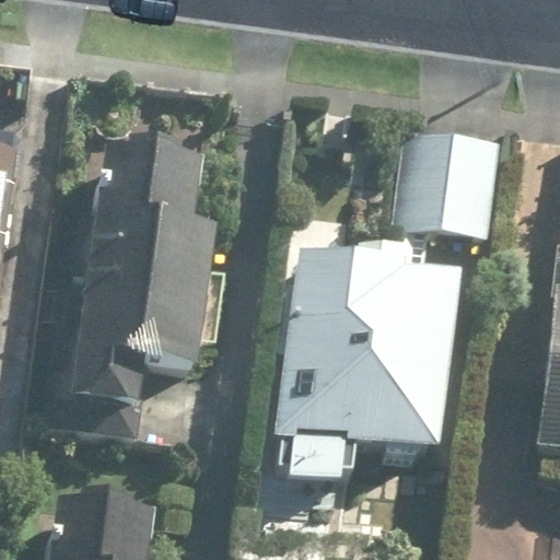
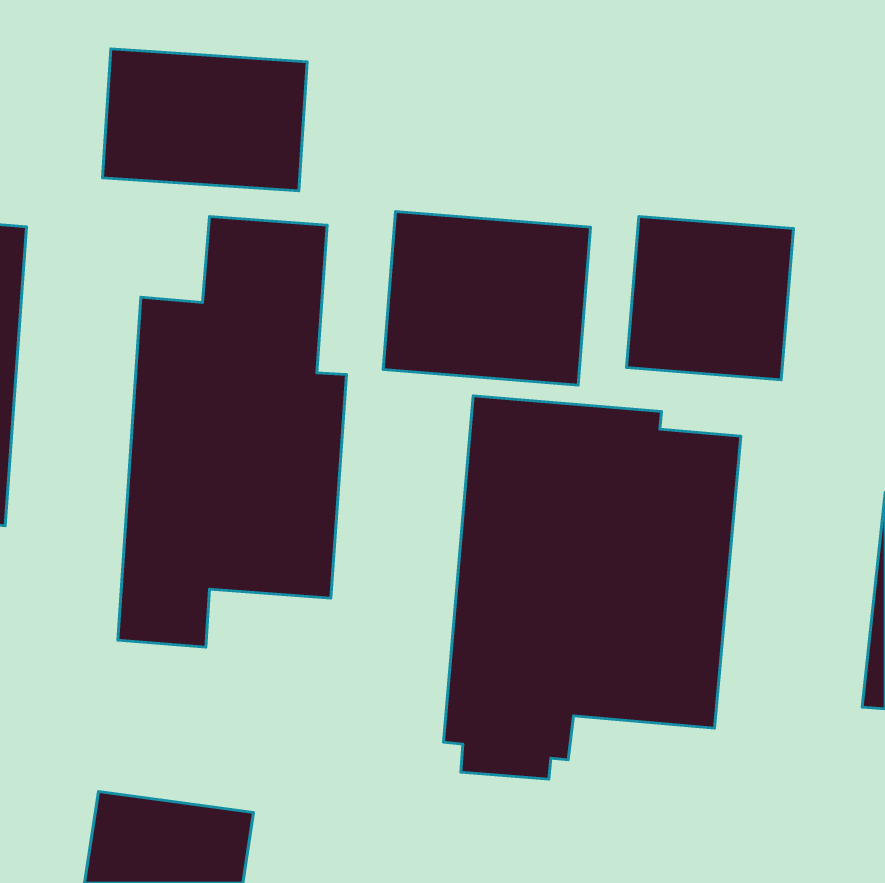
building: none -> [103,49,307,191]
building: none -> [383,212,590,385]

